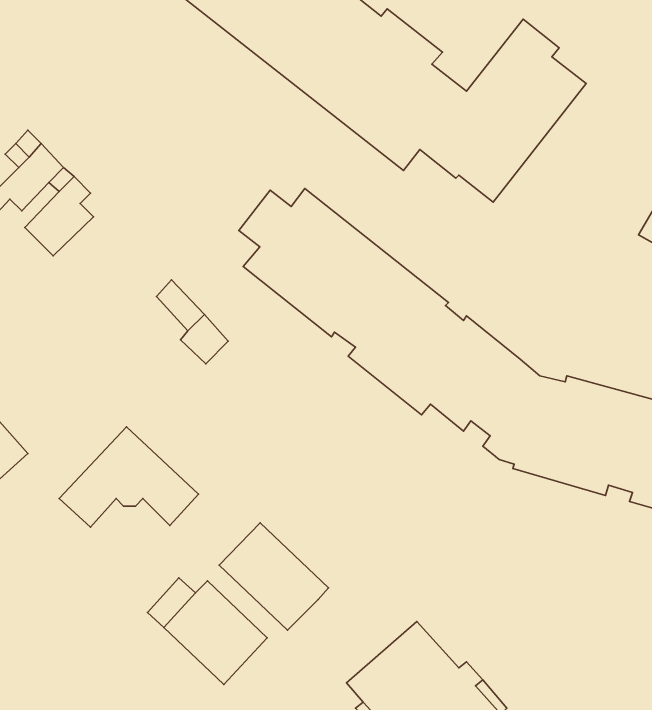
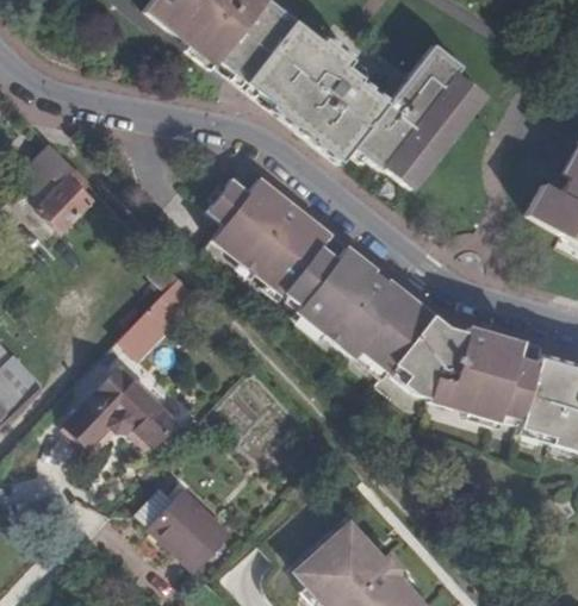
building: none -> [120,298,182,358]
building: [219,523,329,630] -> none

